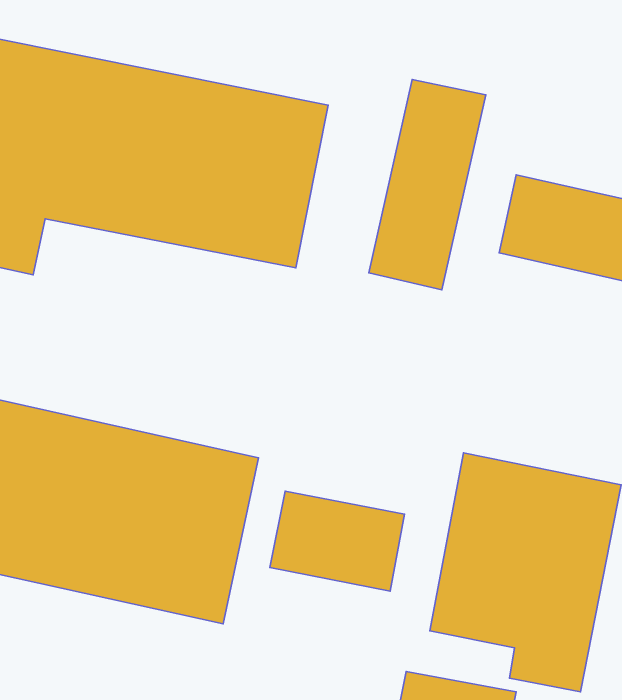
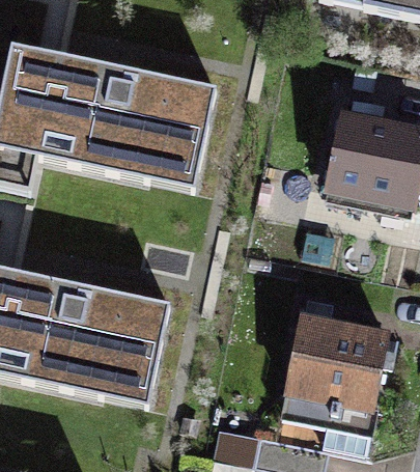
building: [369,80,486,290] -> none
building: [270,491,405,591] -> none

